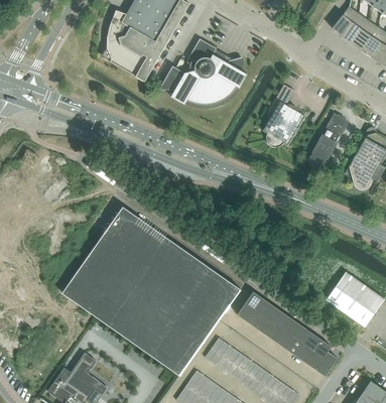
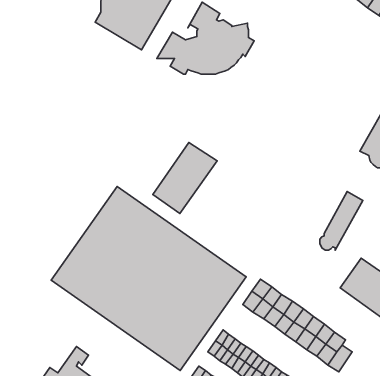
building: [262,85,305,147] -> none
building: [308,114,348,167] -> [320,192,363,250]
building: none -> [153,142,217,213]

